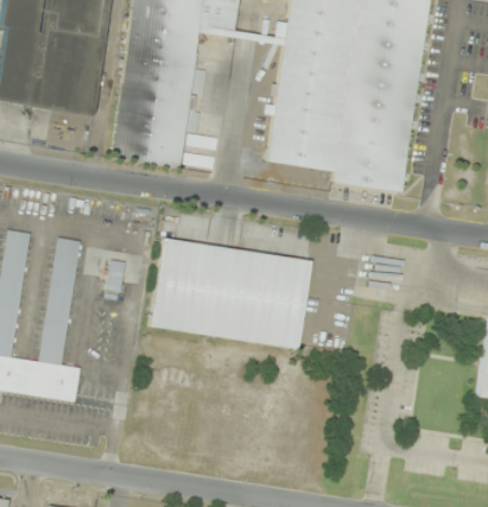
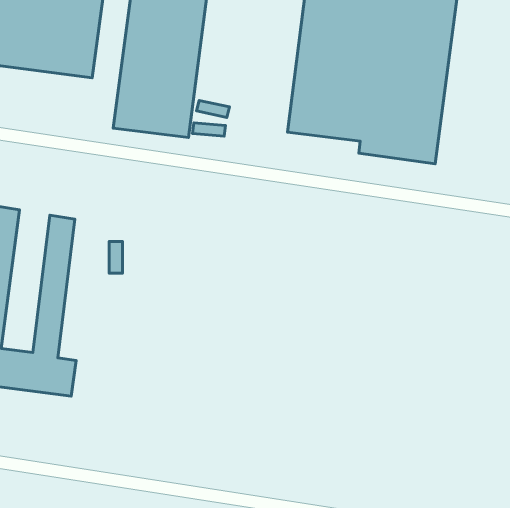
building: [150,239,310,348] -> none

